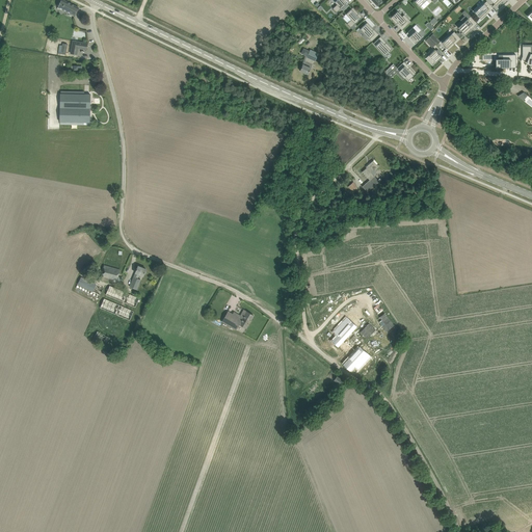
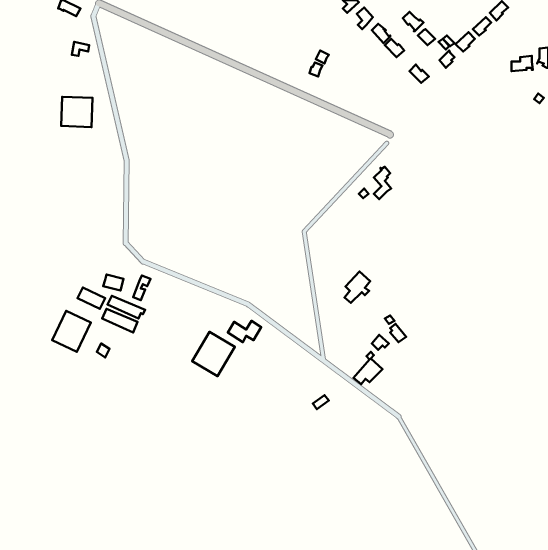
building: none -> [52,311,91,352]
building: [330,317,355,347] -> [344,272,370,303]
building: none -> [192,332,235,376]

